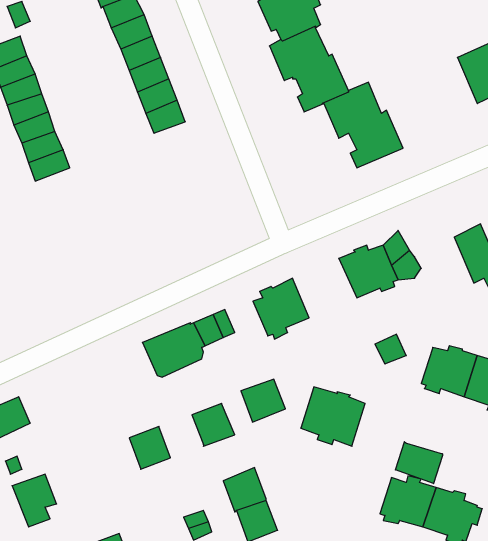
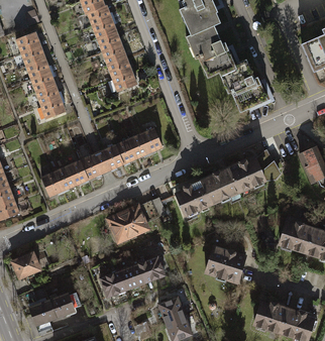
building: none -> [39,127,161,195]
building: none -> [201,165,240,203]
building: [241,379,285,422] -> [119,262,146,289]
building: [395,442,443,484] -> none
building: none -> [49,291,81,317]

